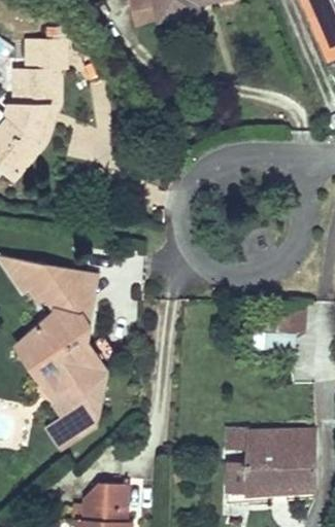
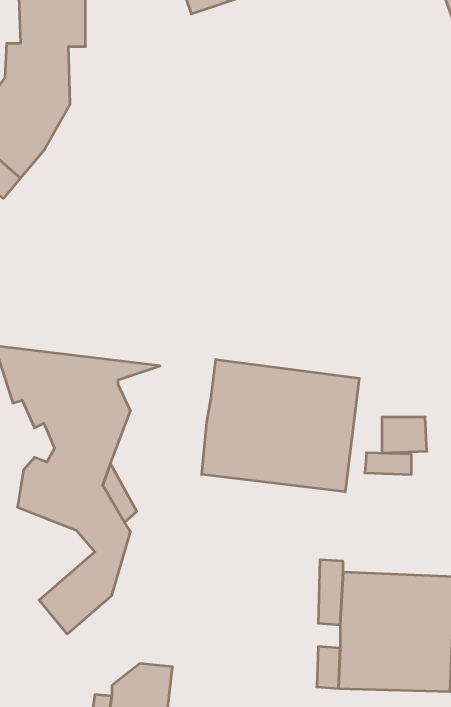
building: none -> [202,359,359,492]

